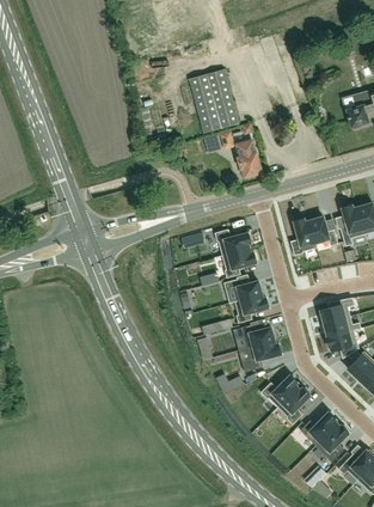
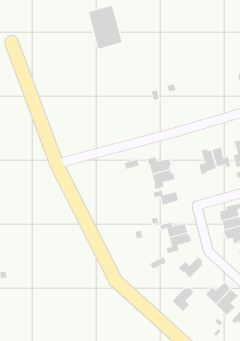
building: [188,69,238,134] -> [88,5,122,49]
building: [238,141,260,177] -> none
building: [234,294,269,323] -> none
building: [277,387,309,424] -> [172,287,194,312]

